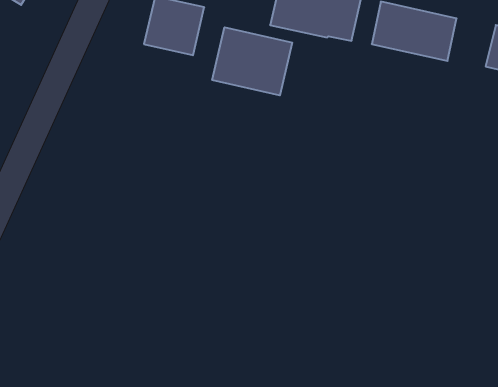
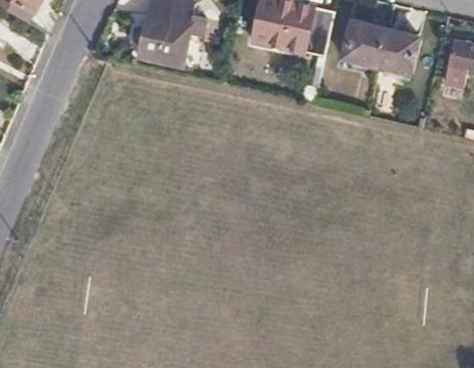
building: [212,27,292,95] -> none

